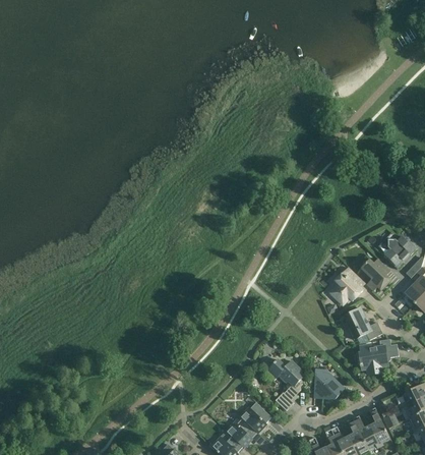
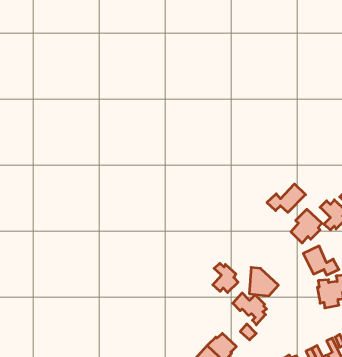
building: none -> [267,184,306,212]
building: none -> [213,263,238,293]
building: [313,368,345,399] -> [249,267,278,296]

